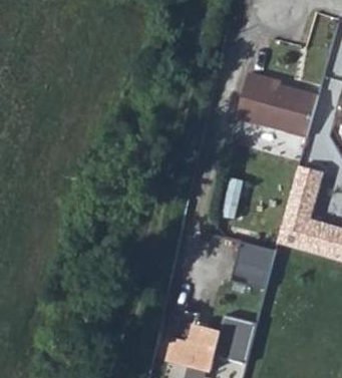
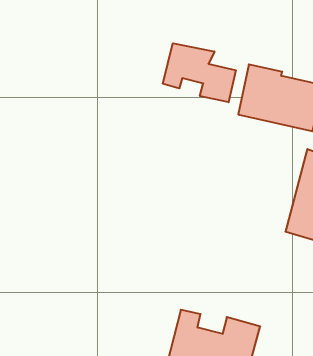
building: none -> [163,43,236,102]
building: [233,234,276,284] -> none

